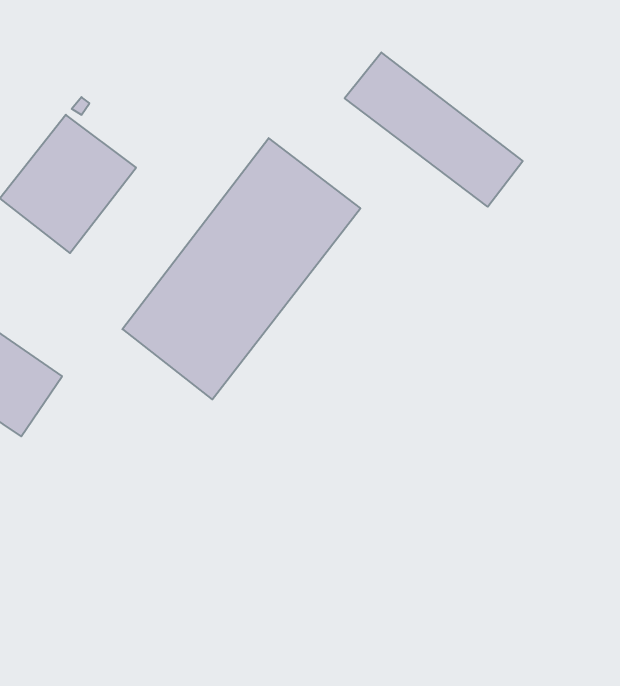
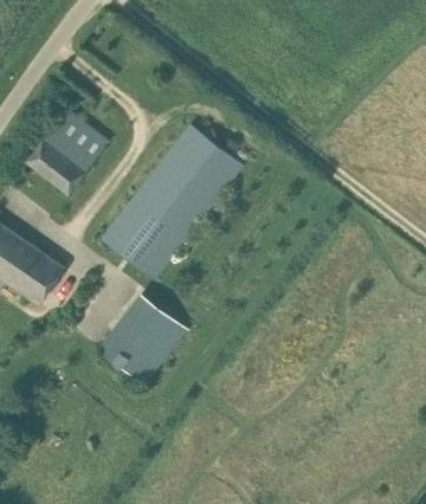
building: [345,52,523,207] -> none
building: none -> [98,297,186,387]

